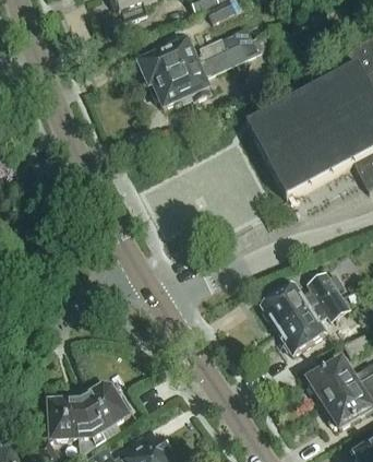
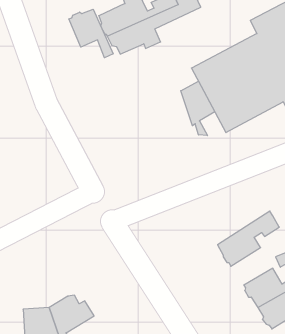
building: none -> [69,9,113,58]
building: none -> [181,81,215,136]
building: [260,269,337,328] -> none

